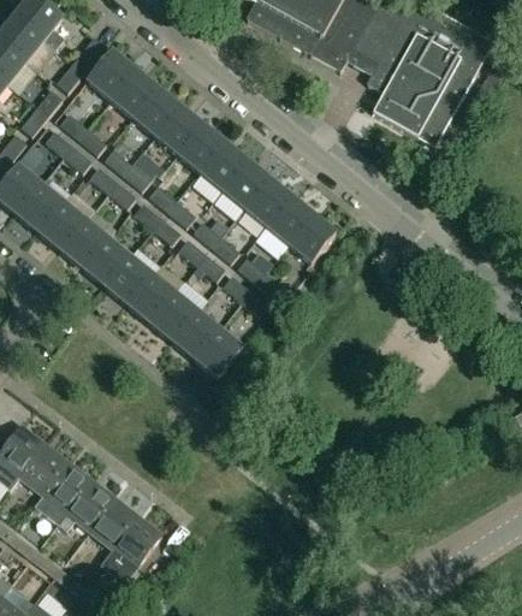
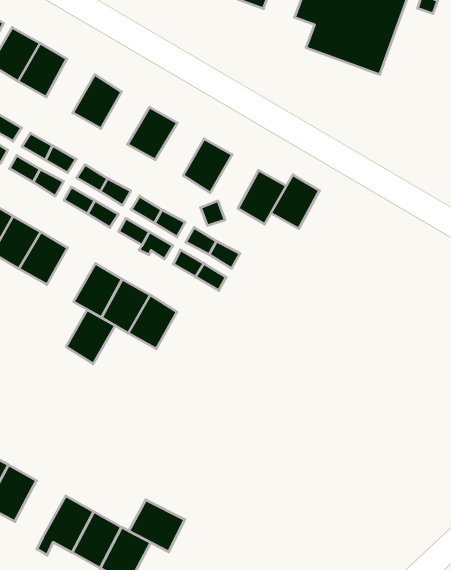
building: [132,87,179,136] -> none
building: [177,124,224,172] -> none
building: [221,160,268,208] -> none
building: [266,196,313,245] -> [271,175,320,229]
building: [106,256,153,306] -> [66,310,115,364]
building: [195,330,242,378] -> none
building: [36,461,93,522] -> none
building: none -> [129,500,185,552]

